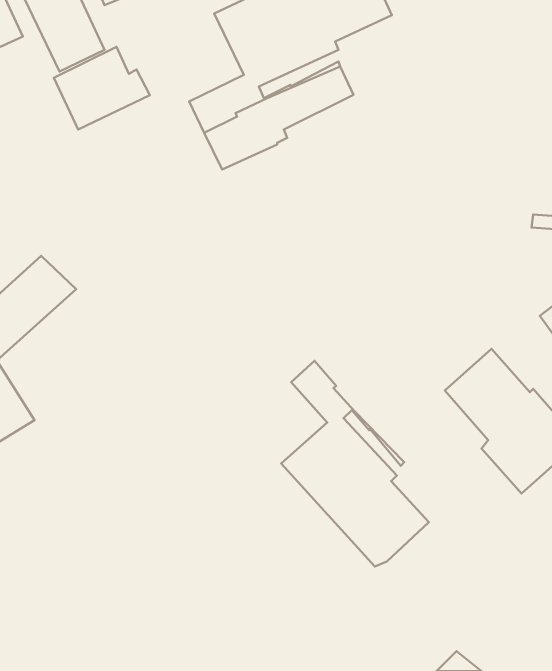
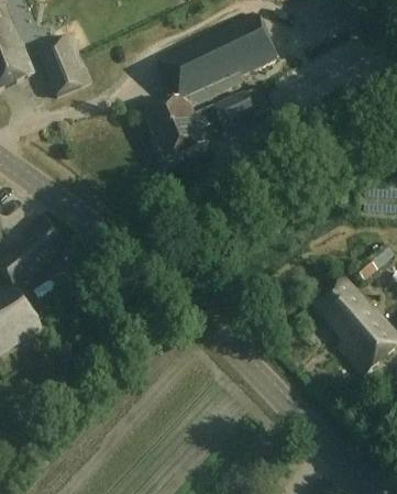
building: [54,47,150,129] -> none
building: [281,361,429,566] -> none

